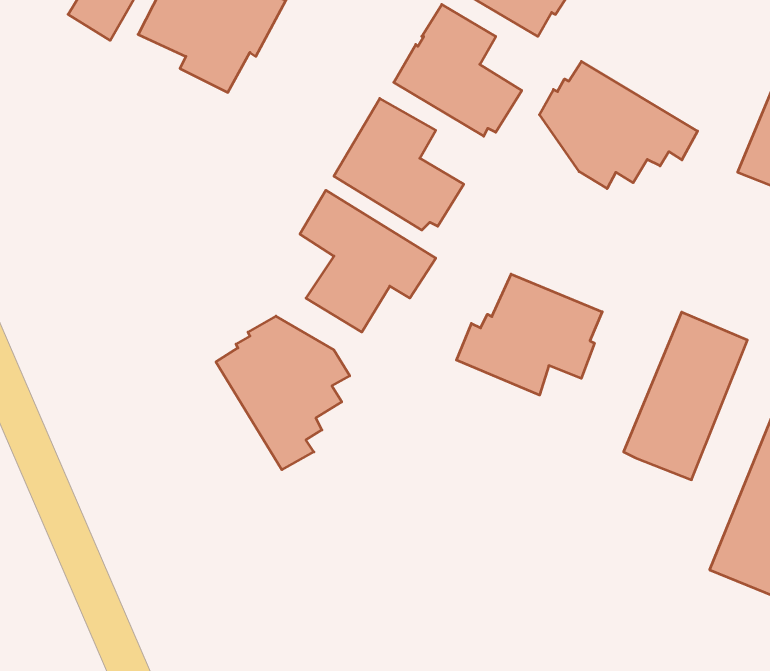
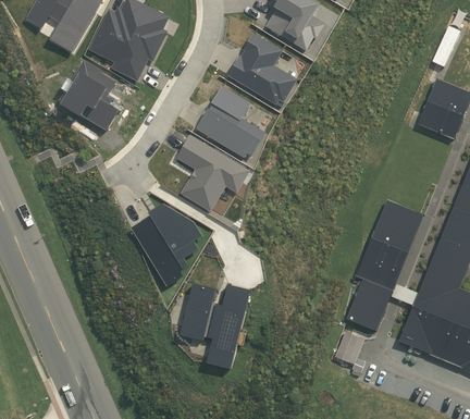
building: none -> [58,58,119,130]
building: [539,61,698,189] -> none
building: [456,274,602,395] -> none
building: none -> [343,280,389,332]
building: none -> [181,283,250,368]

